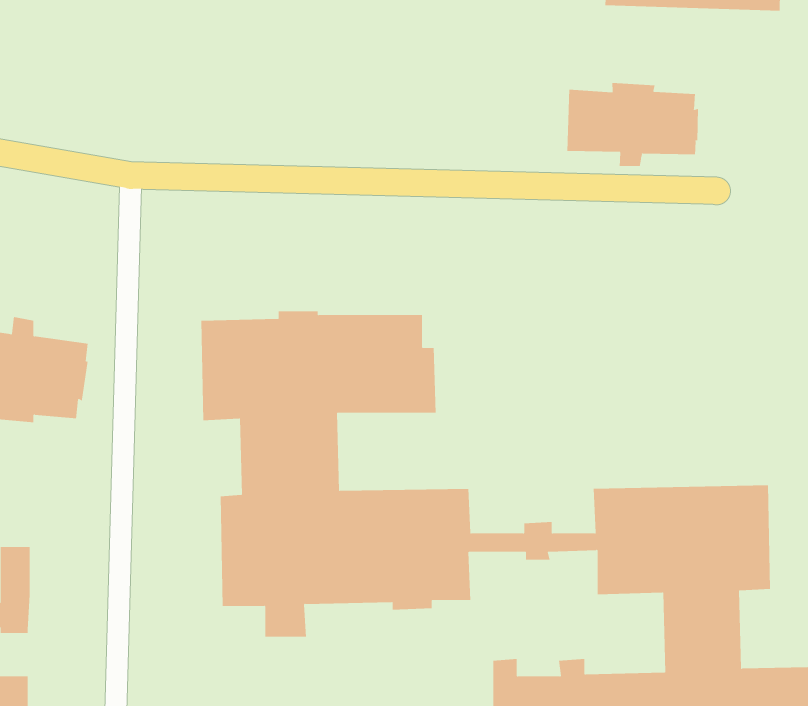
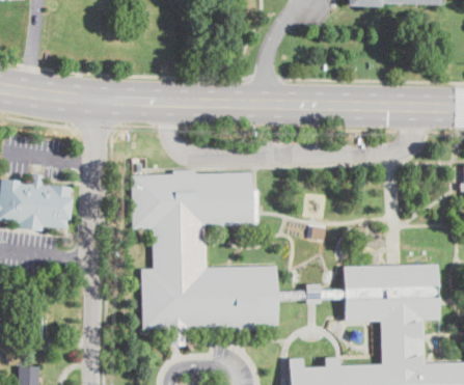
building: [567,82,698,167] -> none

